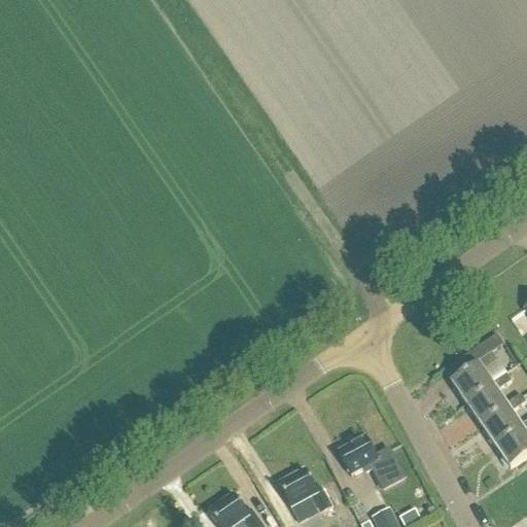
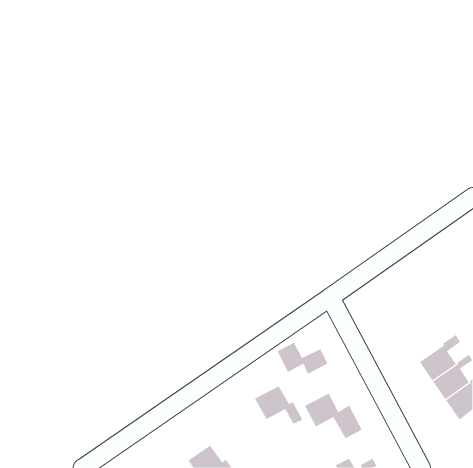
building: [451,350,496,401] -> none
building: none -> [277,342,328,375]
building: [277,468,331,512] -> [254,386,303,425]

